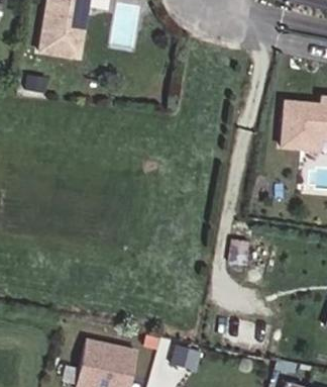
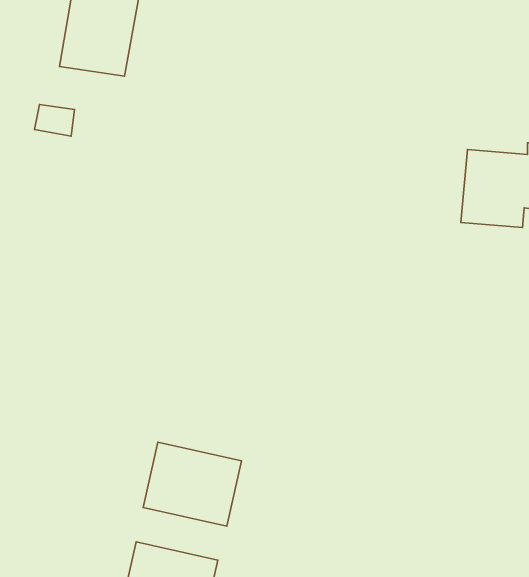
building: none -> [143,442,241,526]

